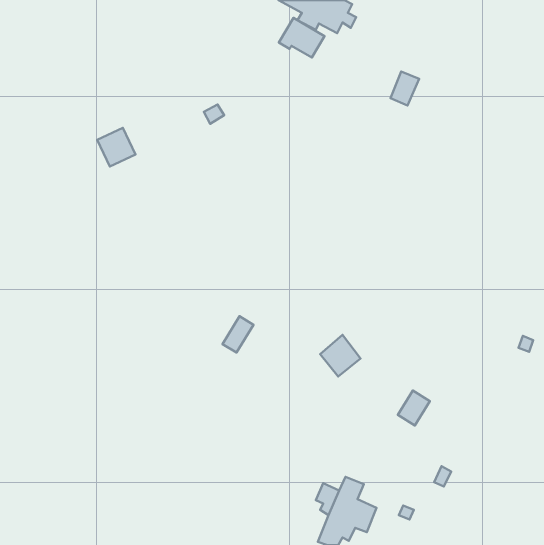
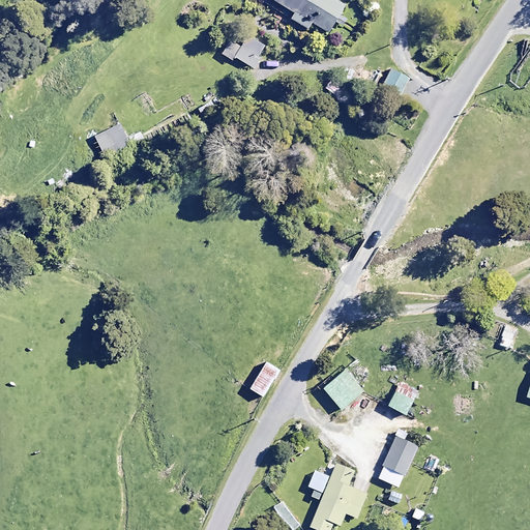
building: [279,18,325,57] -> [222,30,266,68]
building: [223,316,253,353] -> [248,361,278,396]
building: [320,335,361,377] -> [323,367,362,408]
building: none -> [382,435,417,474]

